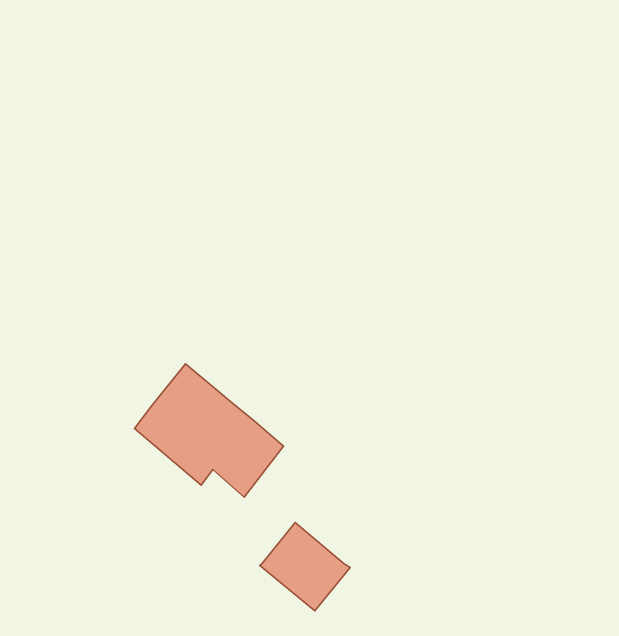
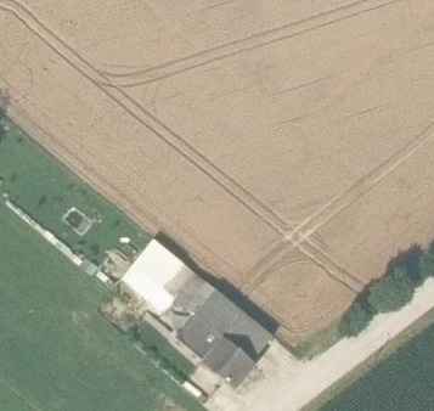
building: none -> [184,289,274,362]

